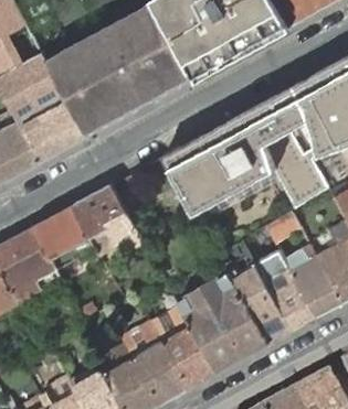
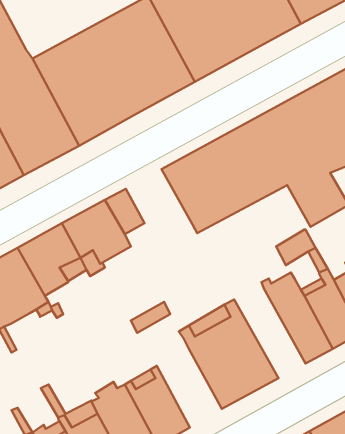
building: [215,249,291,344] -> none
building: [151,309,215,388] -> none

